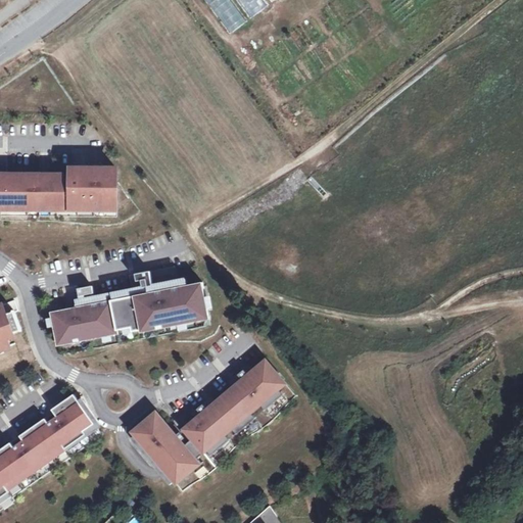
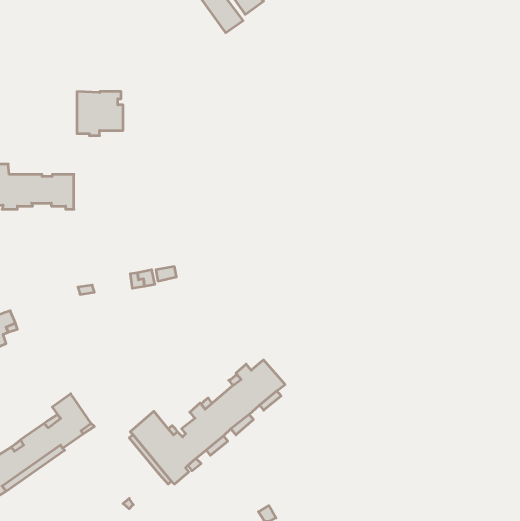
building: [74,167,120,210] -> [77,92,123,136]
building: [52,282,210,343] -> none

